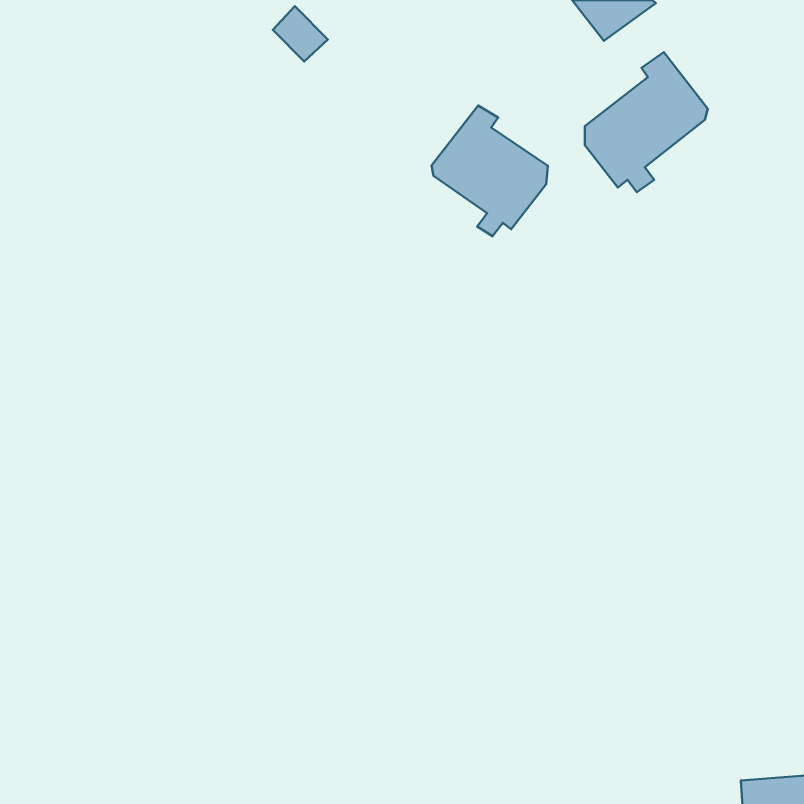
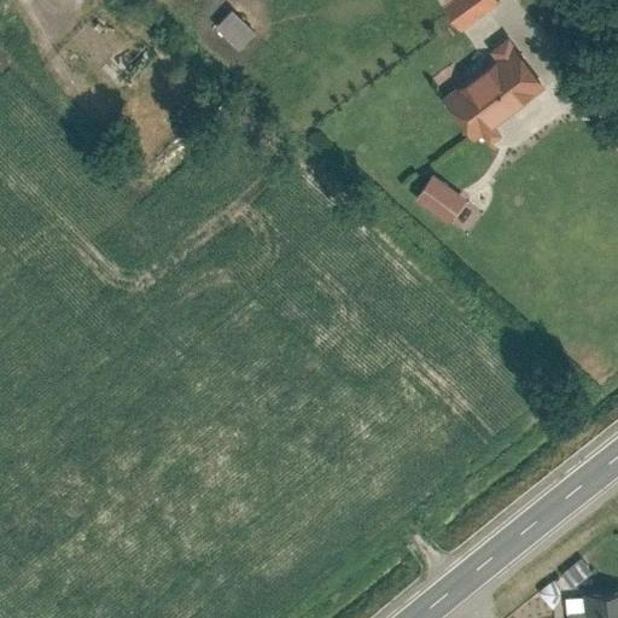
building: [431,105,548,236] -> none
building: none -> [412,174,466,223]

